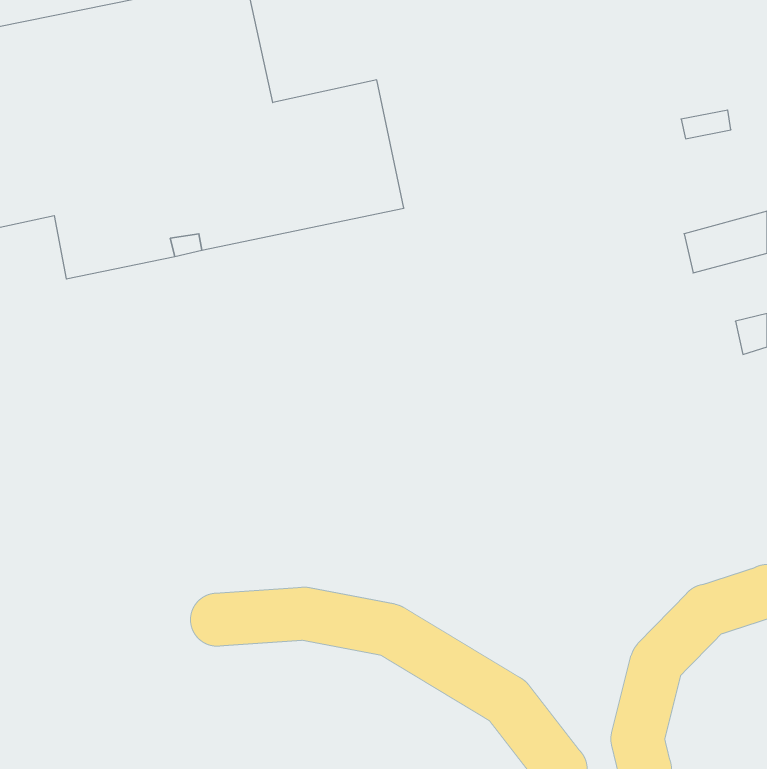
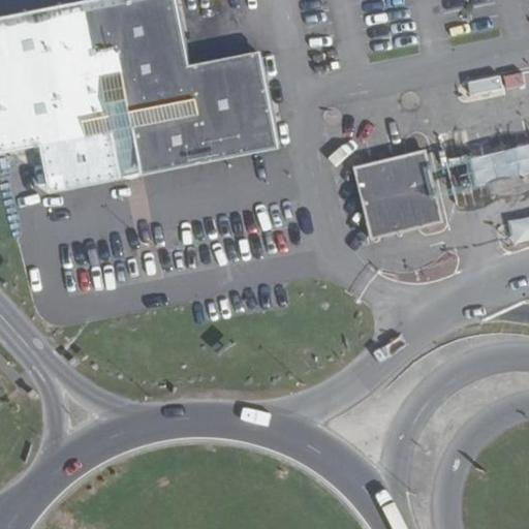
building: none -> [355,153,441,240]

